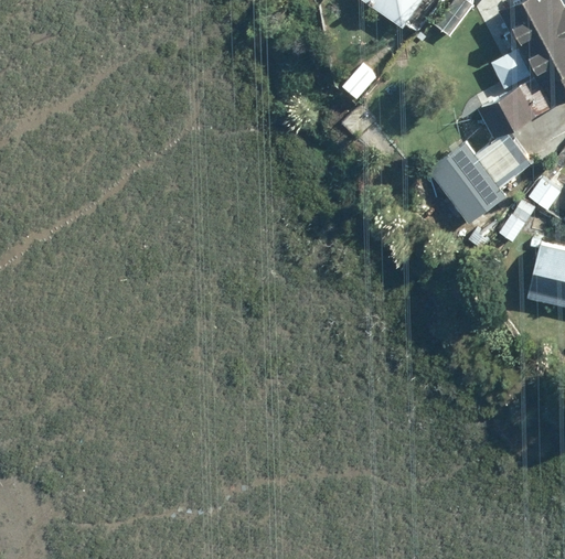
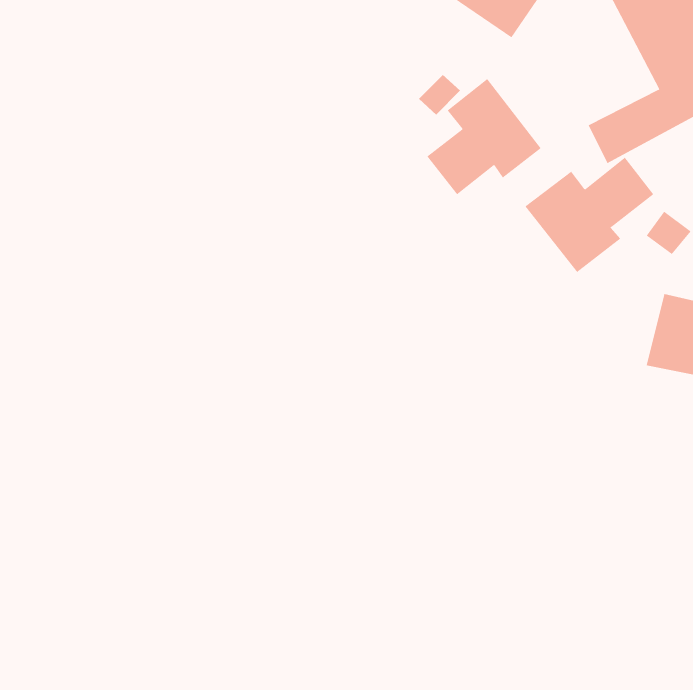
building: none -> [426,78,542,195]

